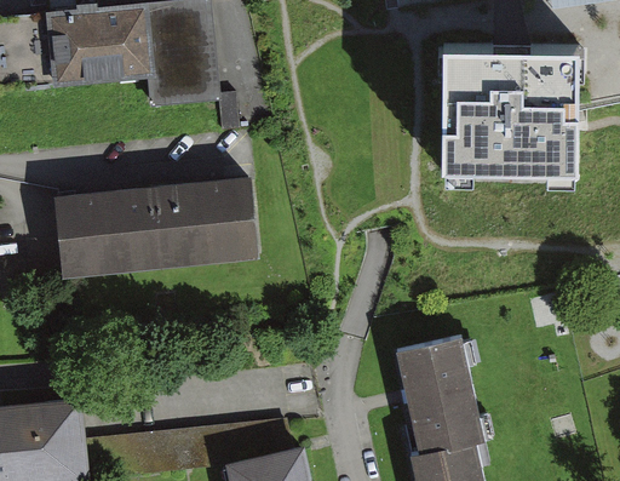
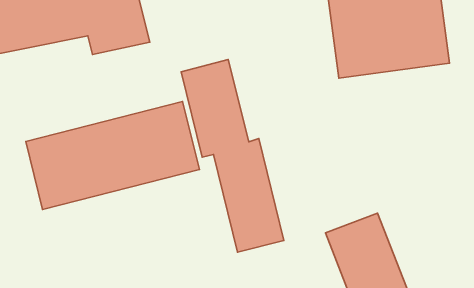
building: none -> [181,60,284,252]

